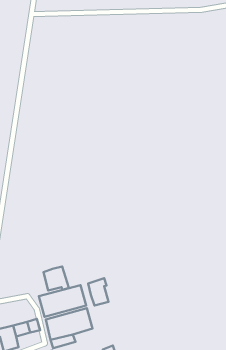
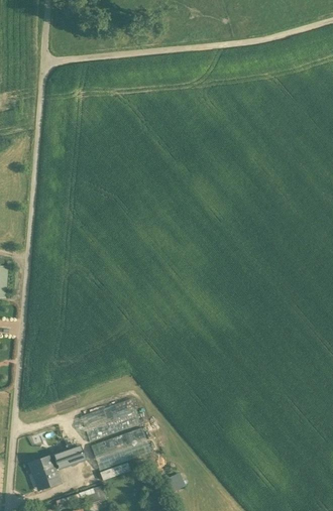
building: [44,266,69,290] -> none
building: [88,278,108,305] -> none

